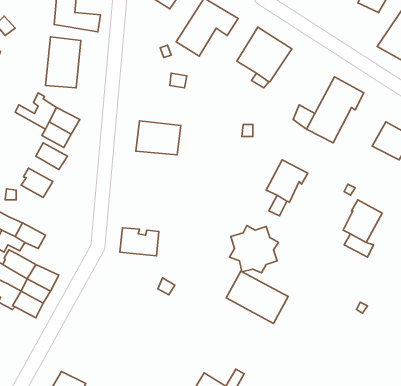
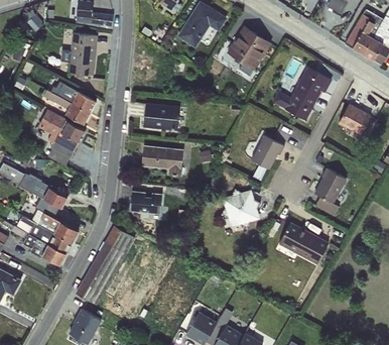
building: none -> [36,109,79,152]
building: none -> [140,145,182,177]
building: none -> [75,225,135,305]
building: [226,271,288,323] -> [277,221,329,264]

